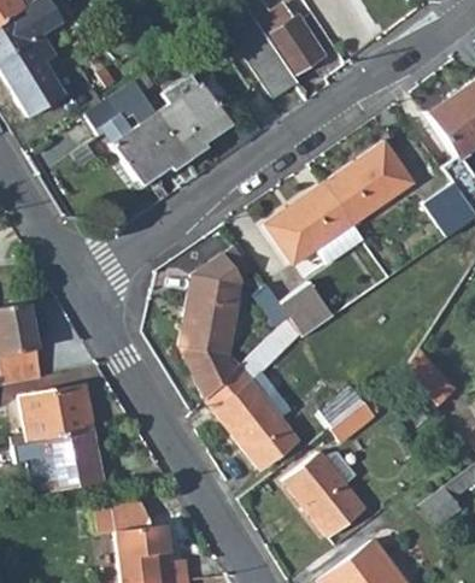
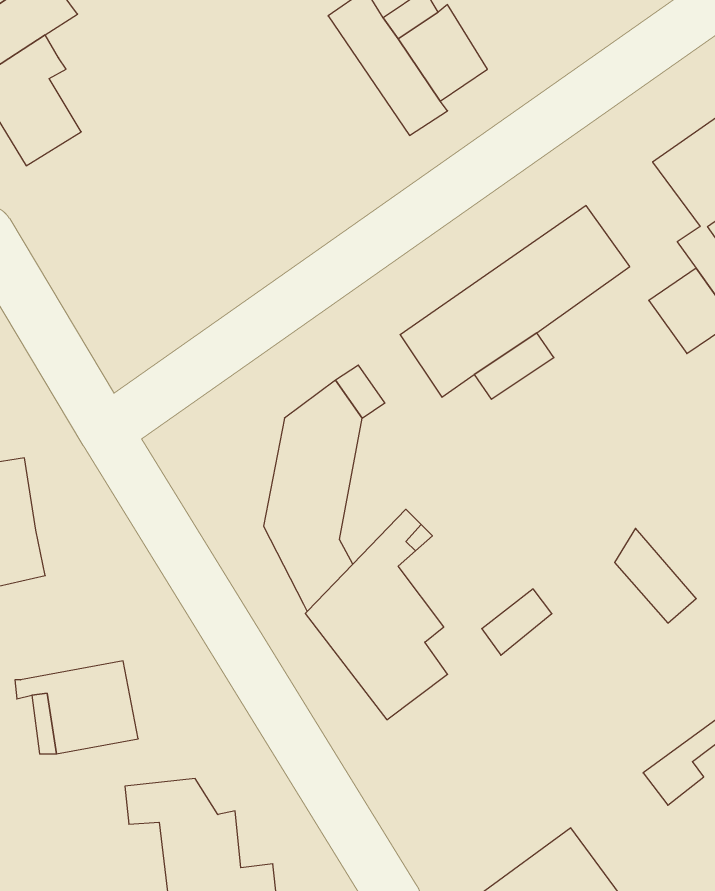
building: [88,75,227,183] -> none
building: [253,282,333,337] -> none
building: [18,387,90,443] -> none
building: [285,448,371,535] -> none

